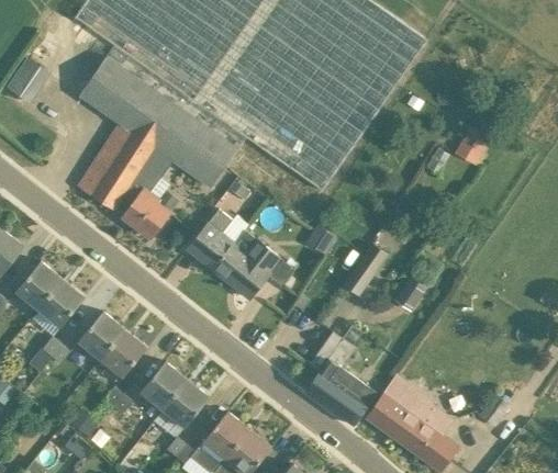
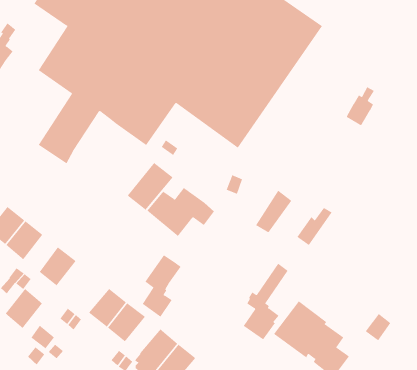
building: [114,146,170,237] -> none
building: [101,328,147,378] -> [5,288,43,329]
building: [305,330,354,407] -> [142,254,181,317]

